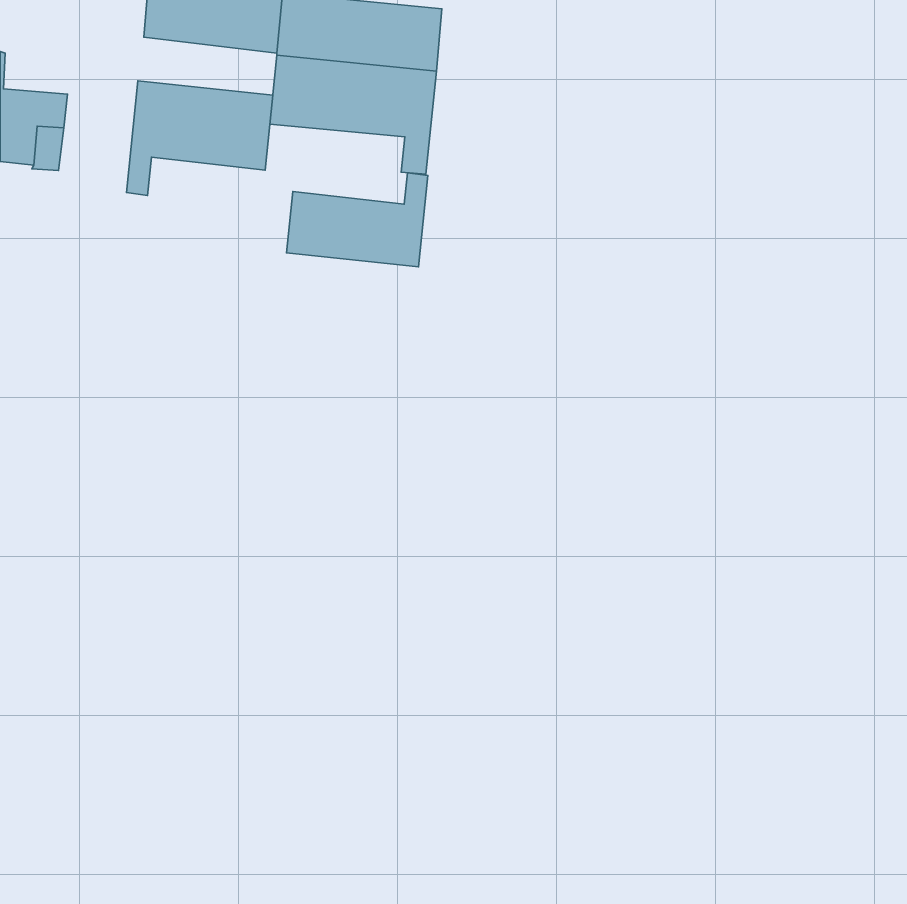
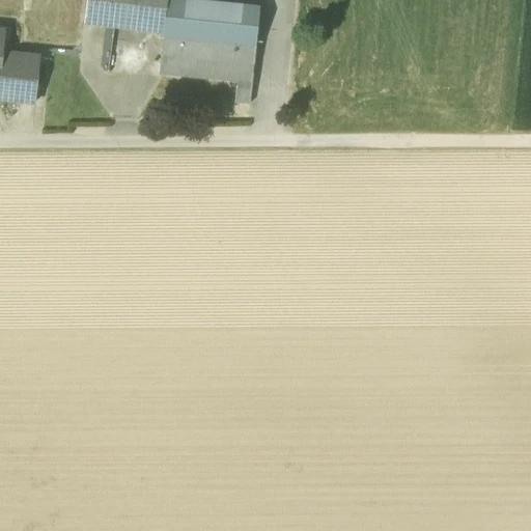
building: [127,81,273,196] -> none
building: [287,173,428,267] -> none

